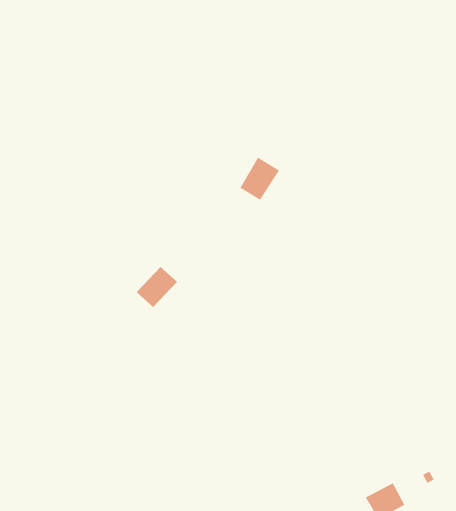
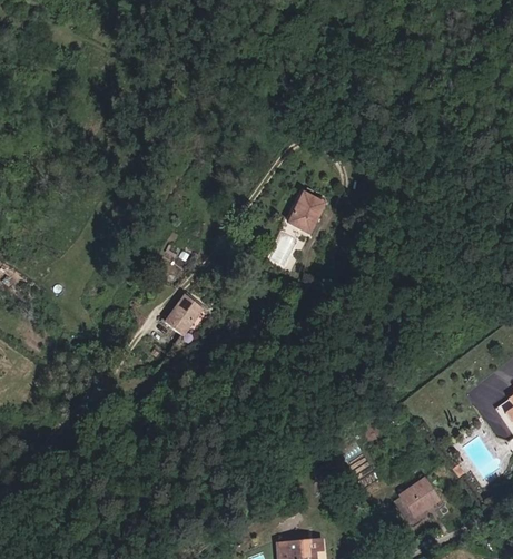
building: [239,157,280,200] -> [287,192,324,233]

